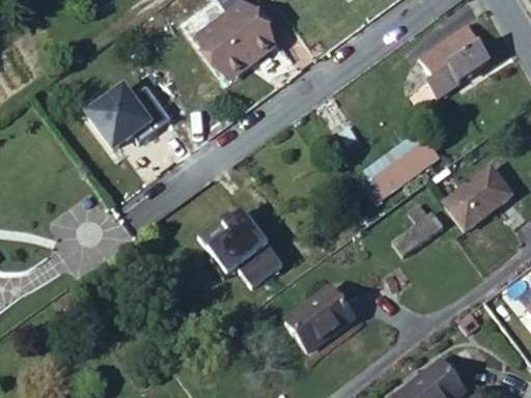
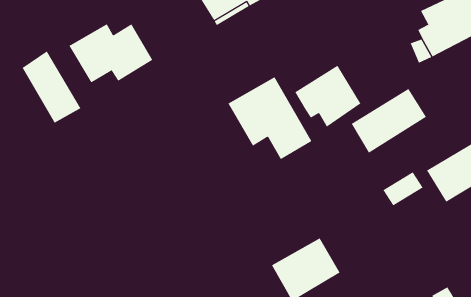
building: none -> [295,65,361,127]
building: none -> [22,51,81,123]
building: [194,198,279,278] -> [227,77,312,160]

